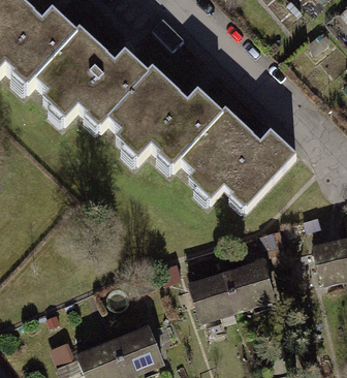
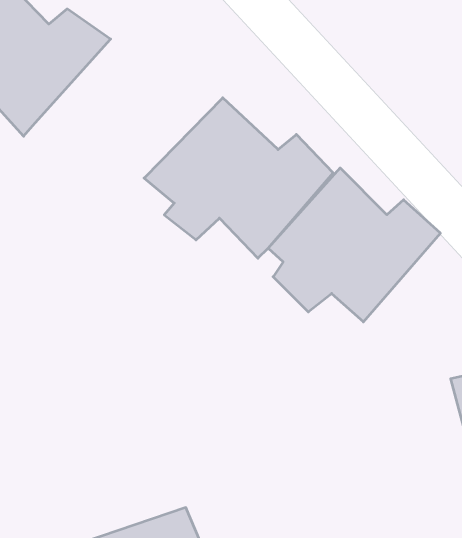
building: [51,36,160,131] -> none
building: [185,261,273,326] -> none

